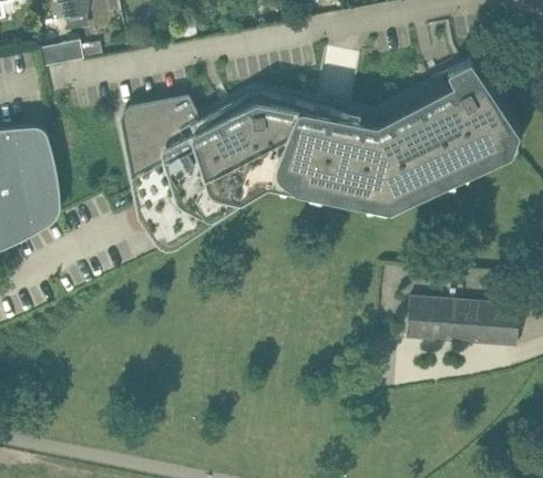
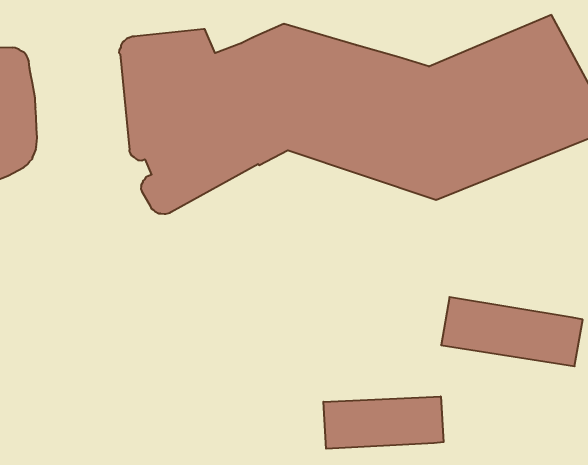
building: none -> [323,396,444,449]

